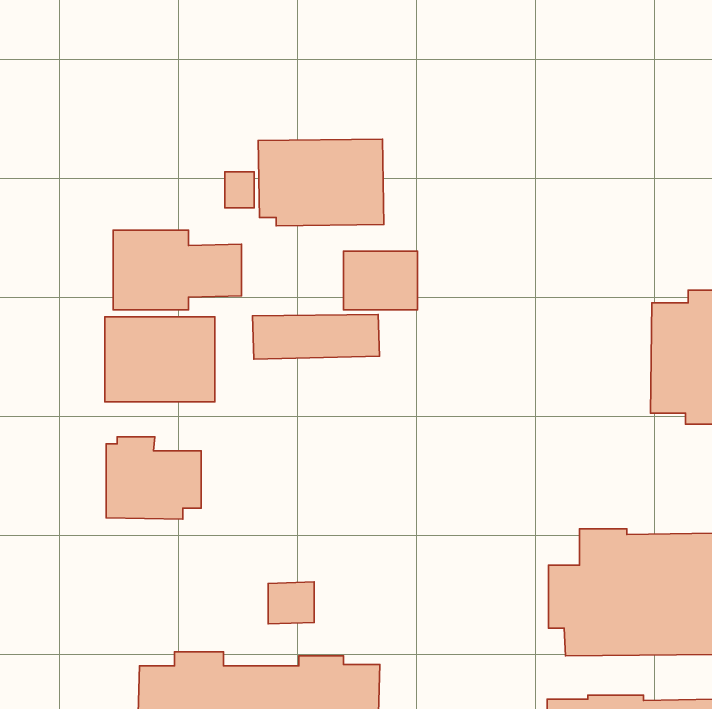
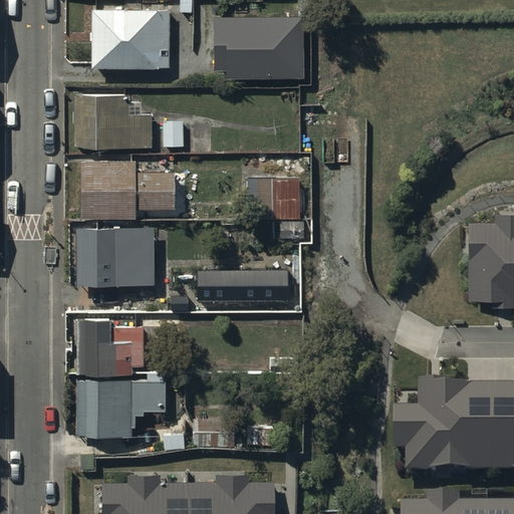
building: none -> [90,8,171,67]
building: none -> [75,97,153,154]
building: [258,139,384,226] -> [213,14,303,76]
building: [253,314,380,359] -> [197,267,288,299]
building: none -> [76,380,165,436]

